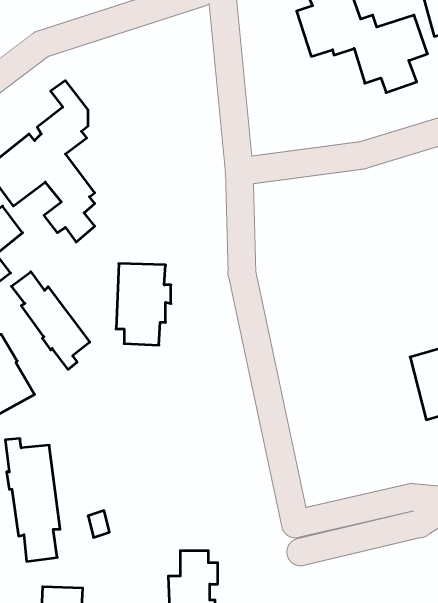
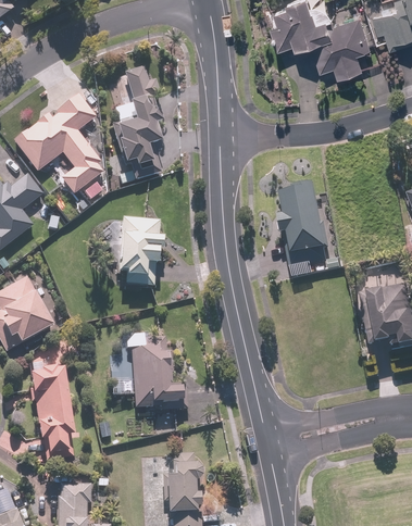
building: none -> [107,66,162,181]
building: none -> [278,183,328,267]
building: [11,272,90,369] -> none
building: none -> [130,335,186,406]

